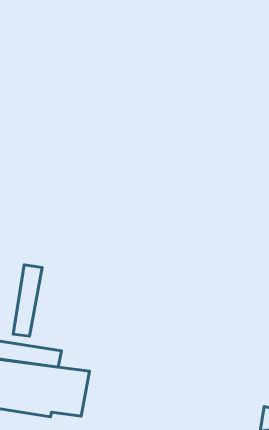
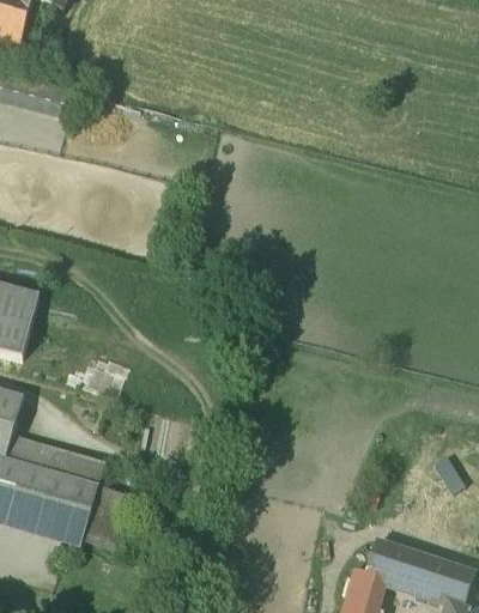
building: [13,265,42,336] -> none

